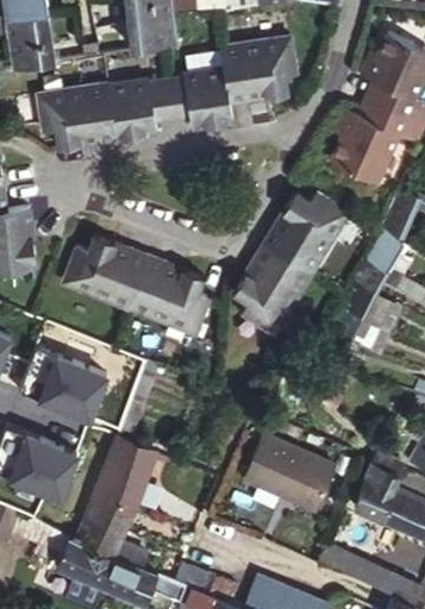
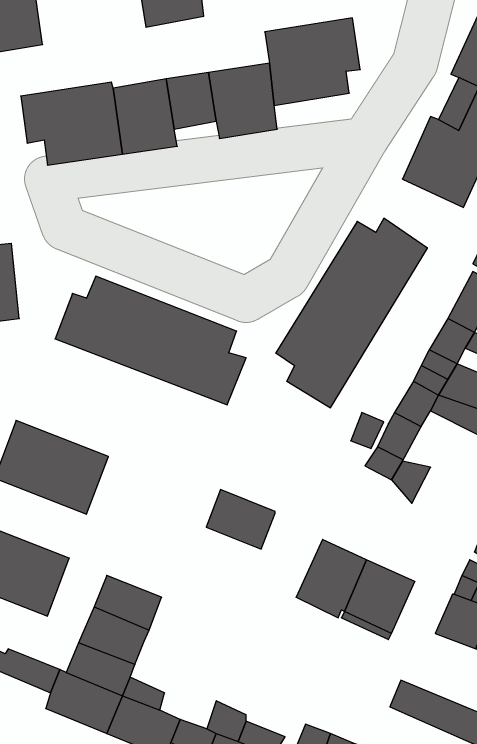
building: [104,434,156,479] -> [206,490,275,549]

